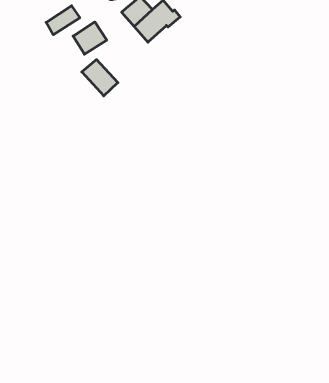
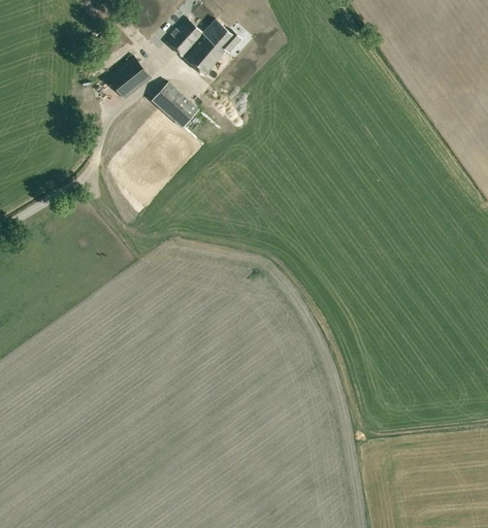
building: [46,6,80,35] -> none
building: [82,60,118,96] -> [151,82,198,128]

